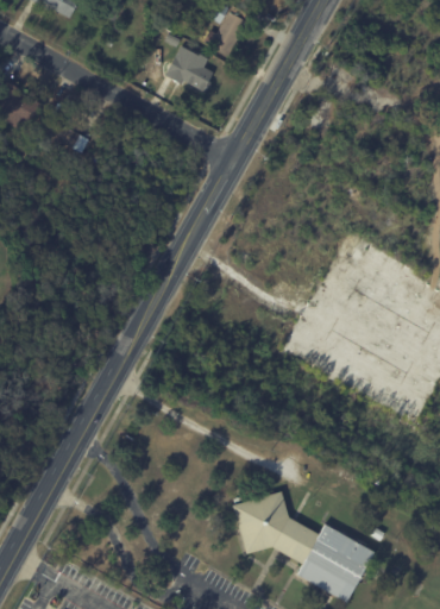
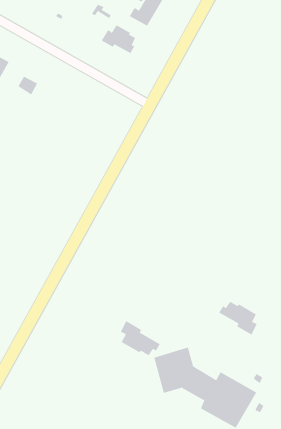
building: none -> [219,301,258,336]
building: none -> [120,320,160,356]

